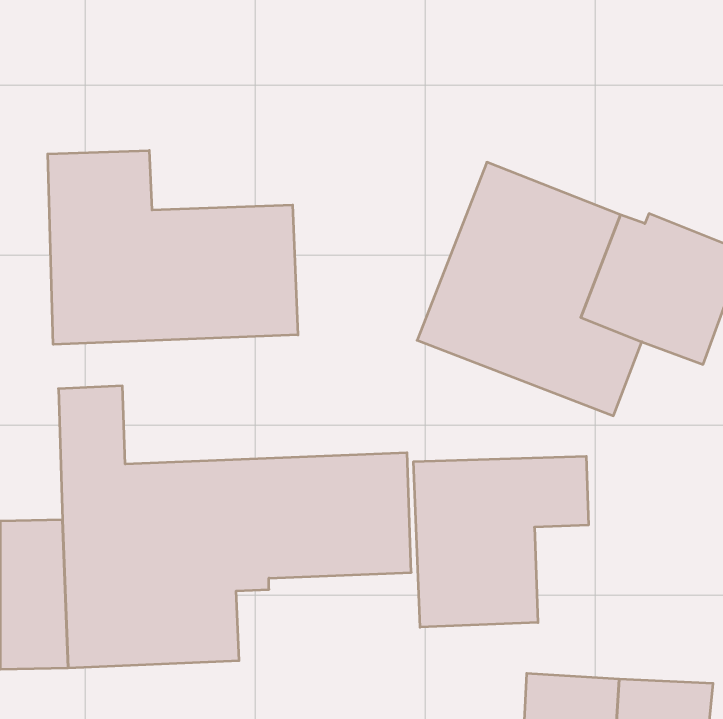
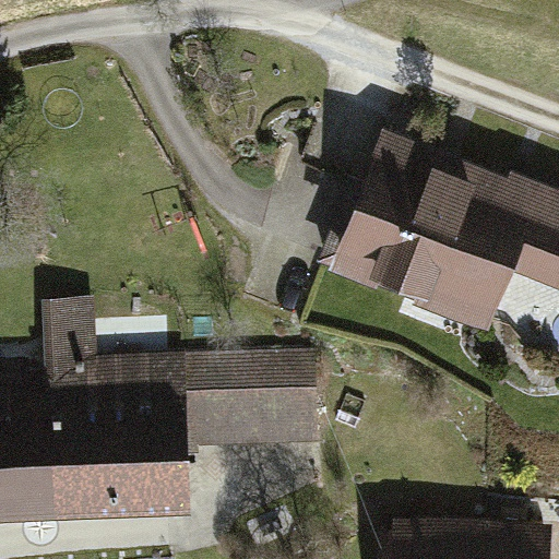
building: [48,150,298,344] -> none
building: [414,456,588,627] -> none

